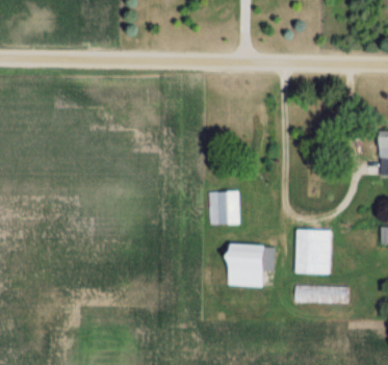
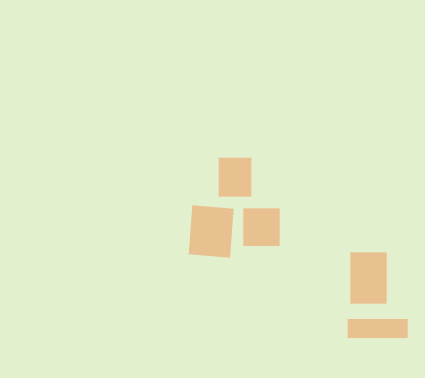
building: none -> [218,157,252,197]
building: [229,242,268,288] -> [188,205,235,259]

